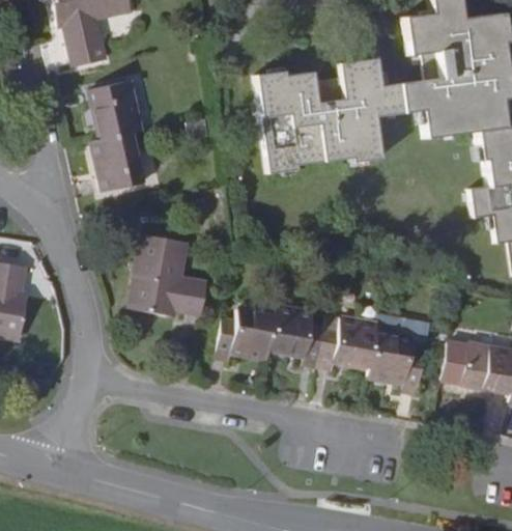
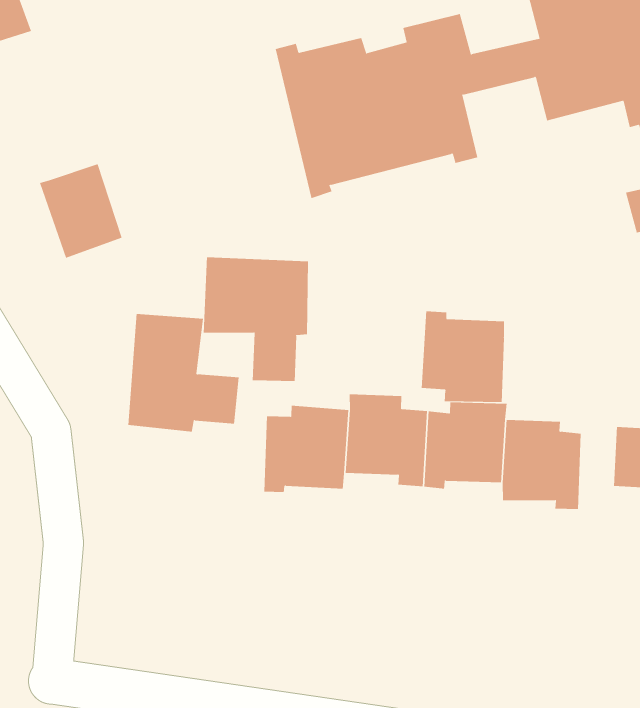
building: [90,80,142,141] -> none
building: none -> [203,256,308,382]
building: none -> [421,311,505,403]

